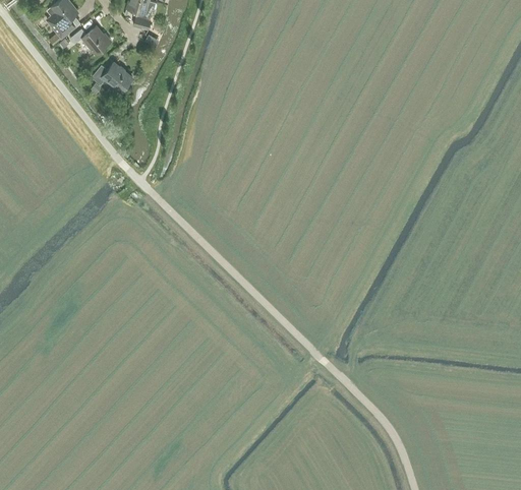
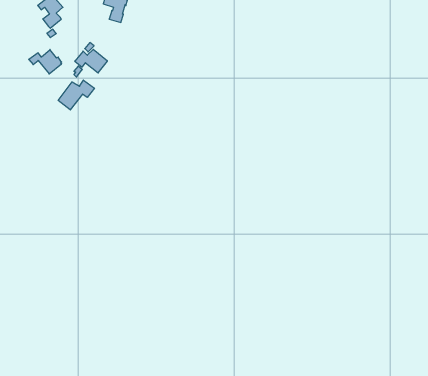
building: [70,24,110,54] -> [29,49,62,74]
building: none -> [58,80,94,110]

